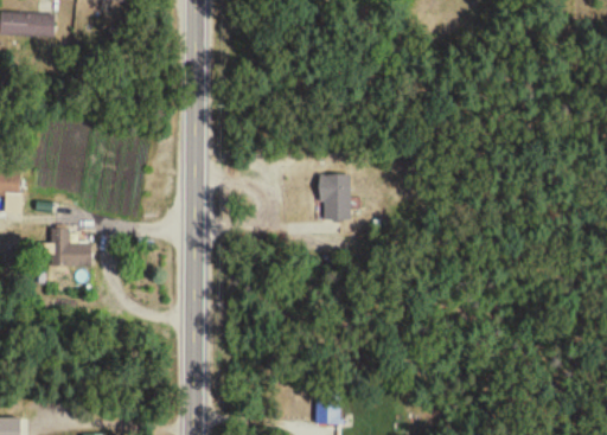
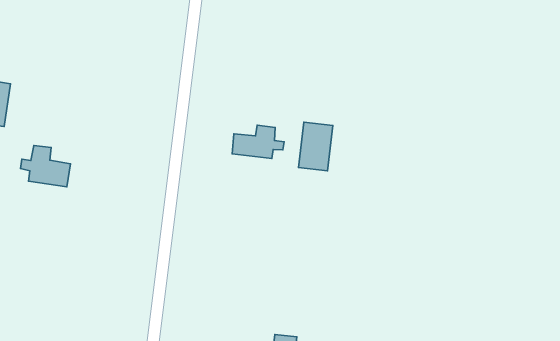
building: none -> [232,125,284,158]

